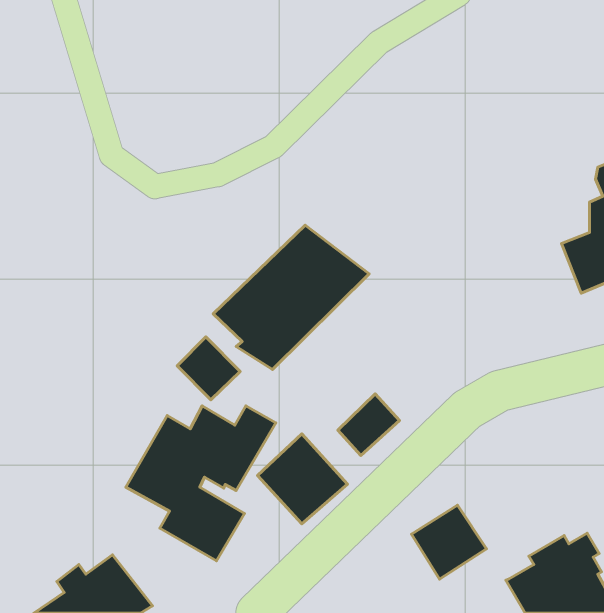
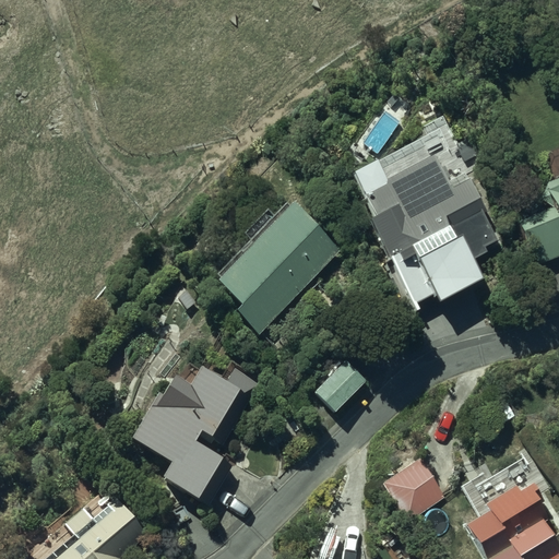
building: none -> [347,127,502,308]
building: [177,337,240,400] -> none
building: [257,434,348,524] -> none

